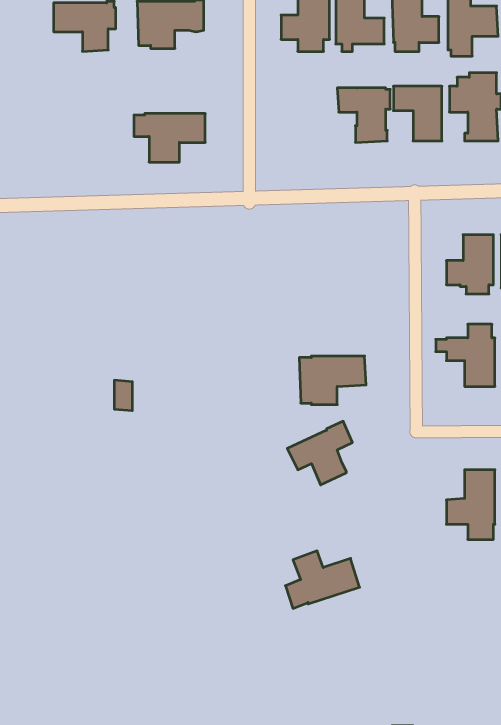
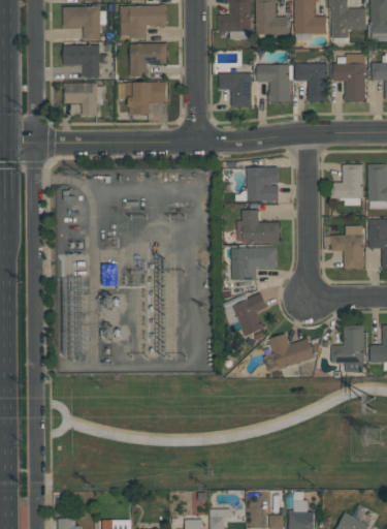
building: none -> [129,43,166,75]
building: none -> [63,44,100,77]
building: none -> [218,72,251,106]
building: none -> [64,82,104,115]
building: none -> [234,167,278,200]
building: none -> [236,209,279,242]
building: [285,551,360,608] -> [263,333,314,372]

